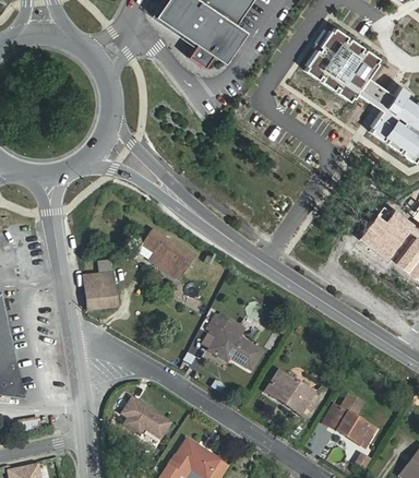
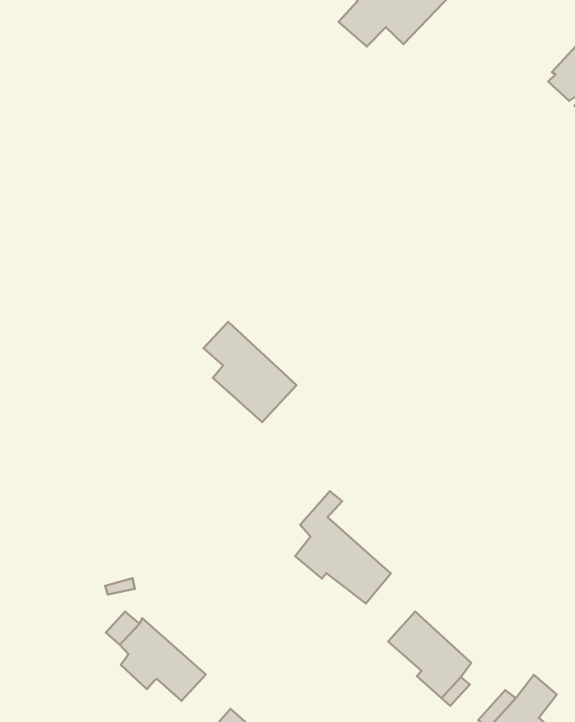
building: [84,273,117,311] -> none

